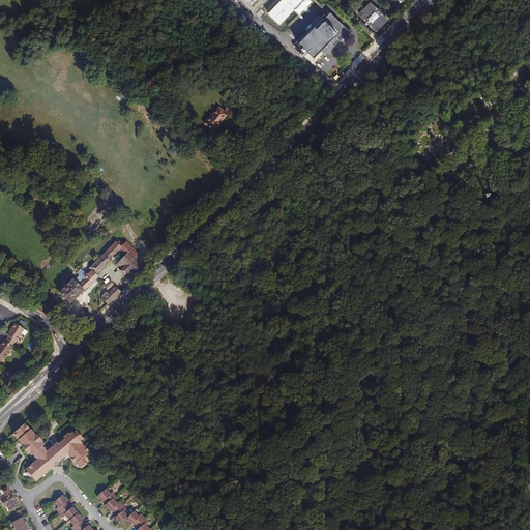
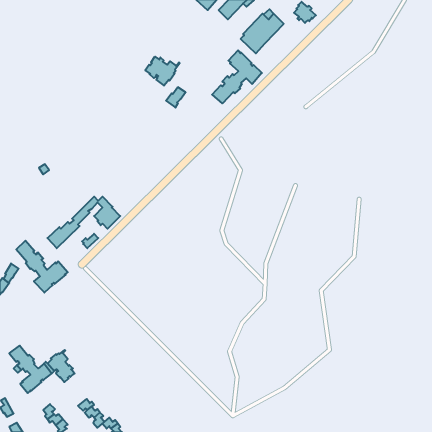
building: none -> [212,50,262,103]
building: none -> [145,57,180,86]
building: none -> [16,241,68,293]

